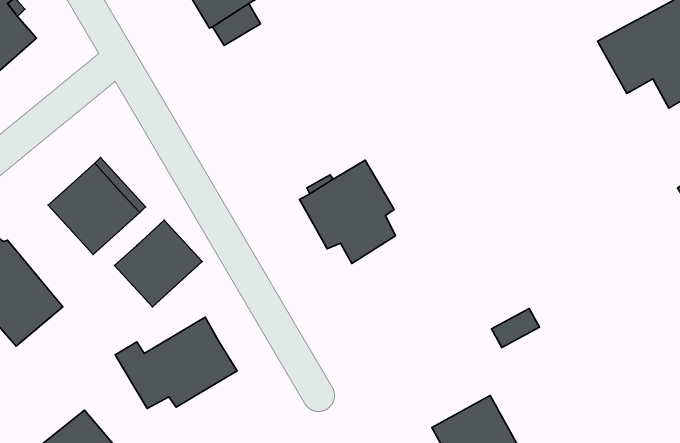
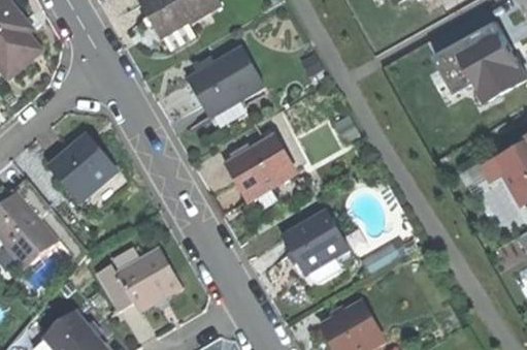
building: none -> [187,47,262,125]
building: [115,220,202,307] -> none
building: none -> [283,211,348,282]

